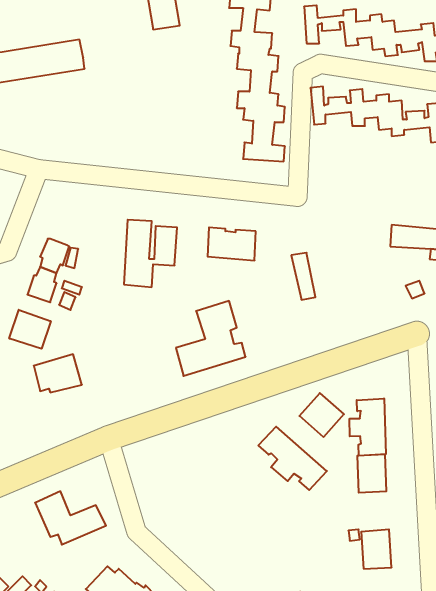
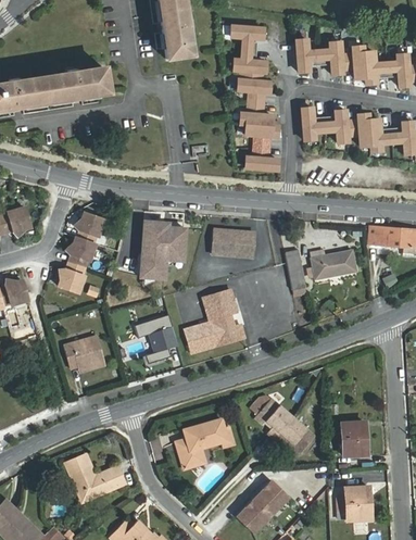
building: none -> [78,212,103,242]
building: none -> [308,250,355,277]
building: [9,310,51,349] -> none
building: none -> [135,313,178,363]
building: [299,393,344,437] -> none
building: [350,398,386,456] -> none
building: none -> [176,418,227,467]
building: none -> [236,479,289,532]

